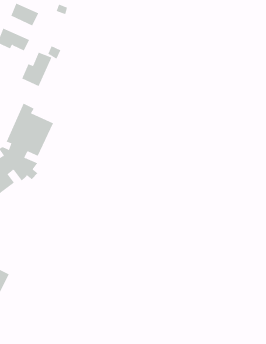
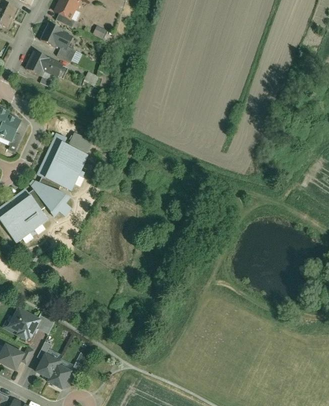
building: [21,52,52,87] -> none
building: none -> [37,353,72,389]

